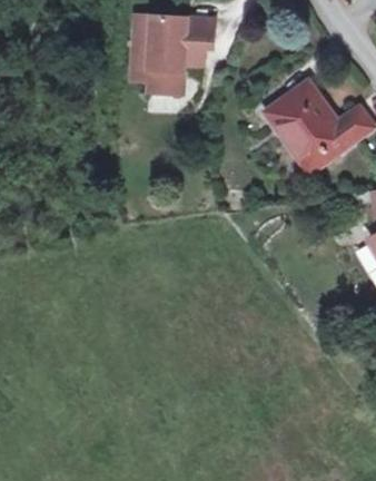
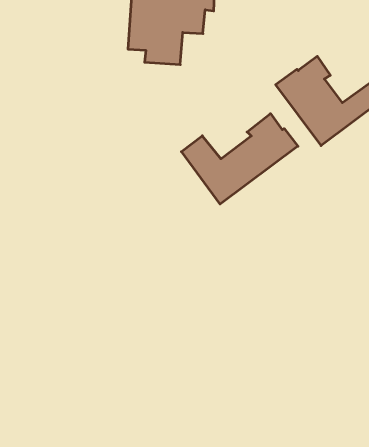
building: none -> [181,114,298,204]

